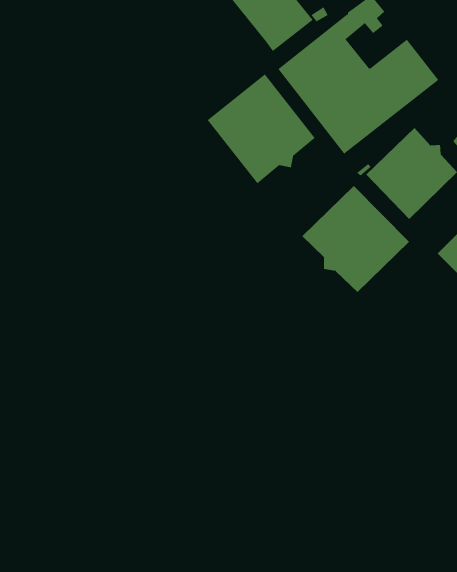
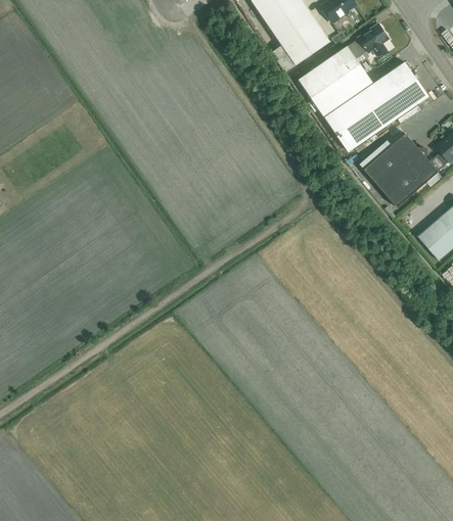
building: [207,74,315,184] -> none
building: [301,185,410,293] -> none

